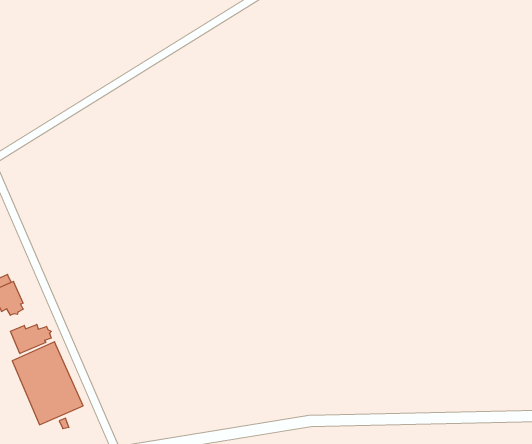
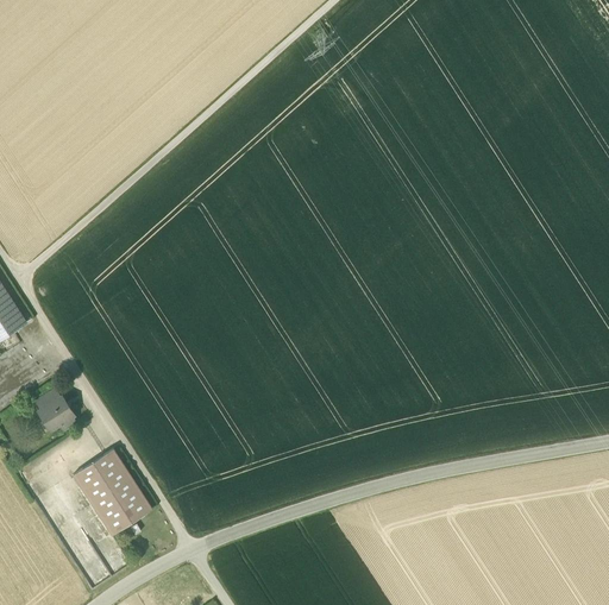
building: [10,324,51,354] -> none

